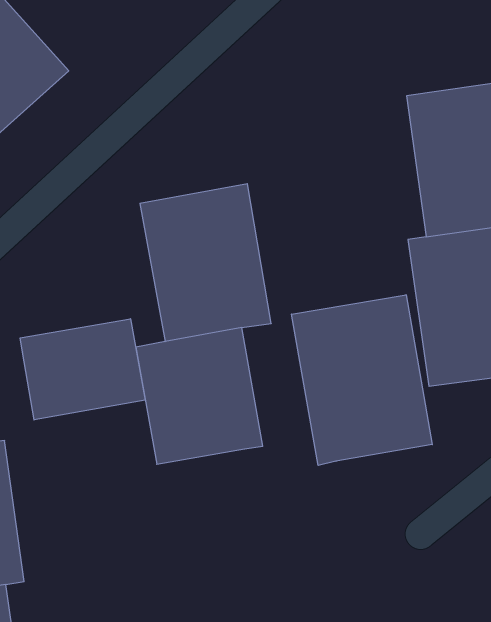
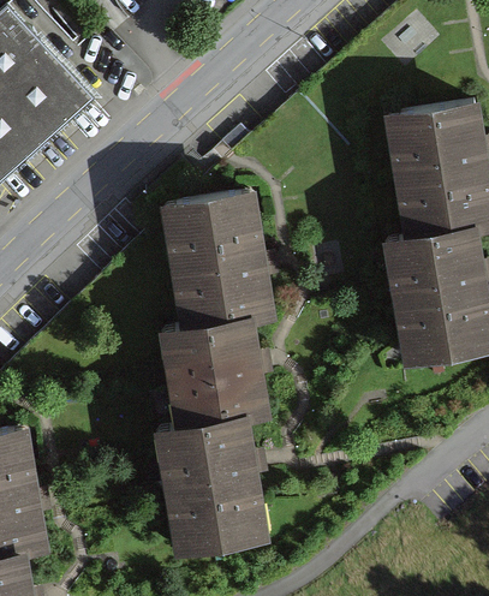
building: [292,295,432,465] -> none
building: [20,319,145,420] -> none
building: none -> [149,422,269,560]

